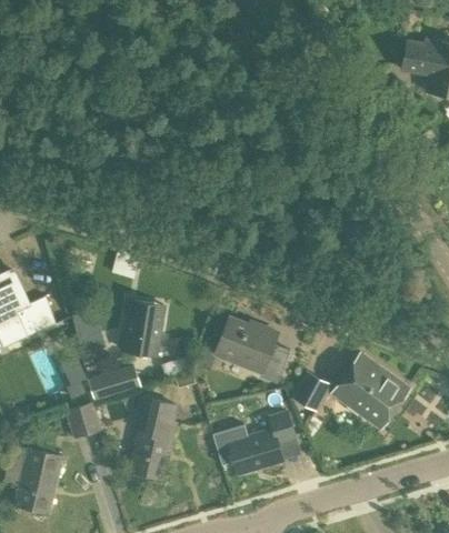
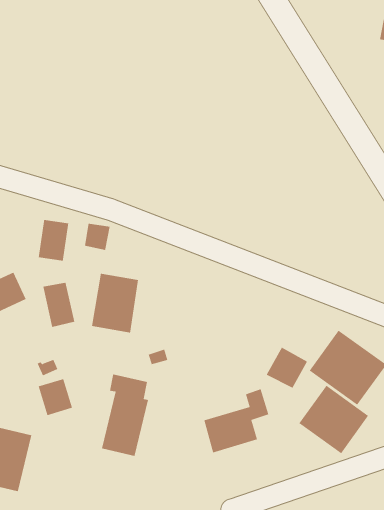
building: none -> [38,219,69,261]
building: [214,319,290,384] -> none
building: [88,365,141,402] -> none
building: none -> [298,385,369,454]

